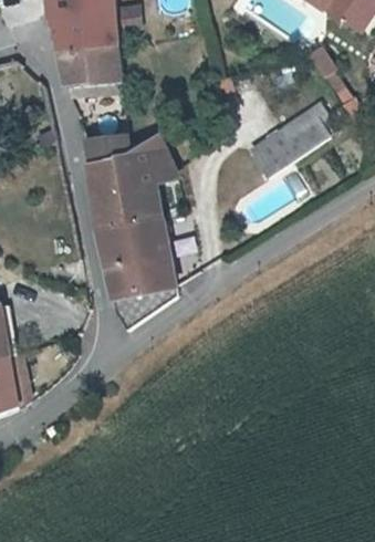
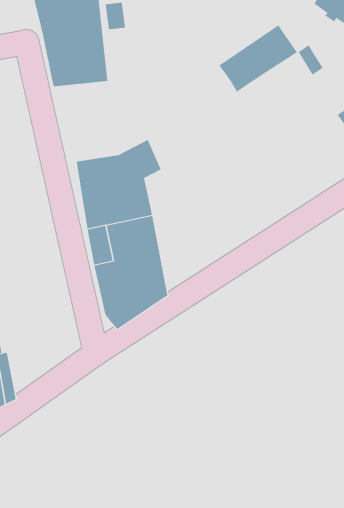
building: [250,107,329,175] -> [219,24,298,92]
building: [83,133,129,160] -> none

